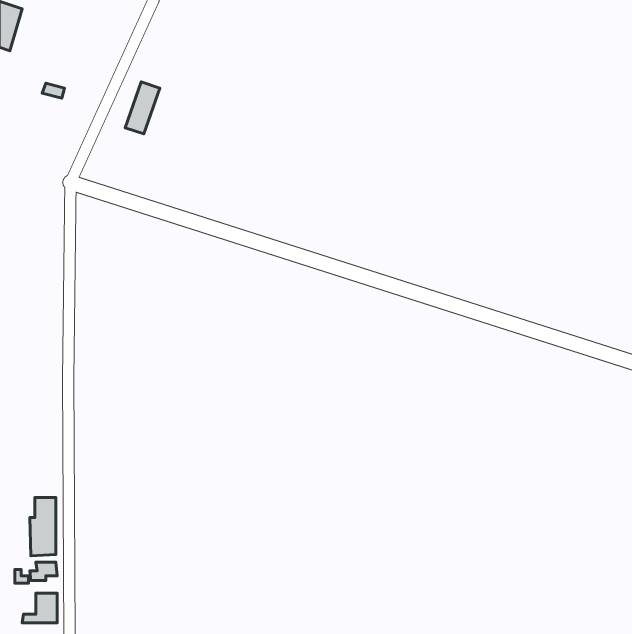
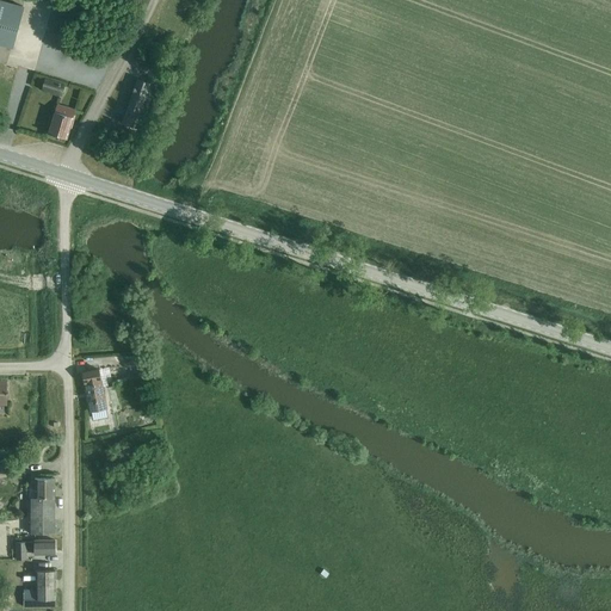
building: none -> [45,106,73,140]
building: none -> [82,368,106,409]

